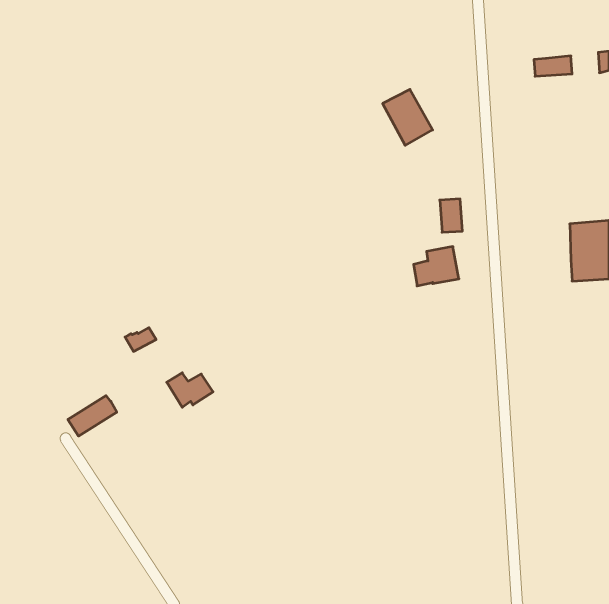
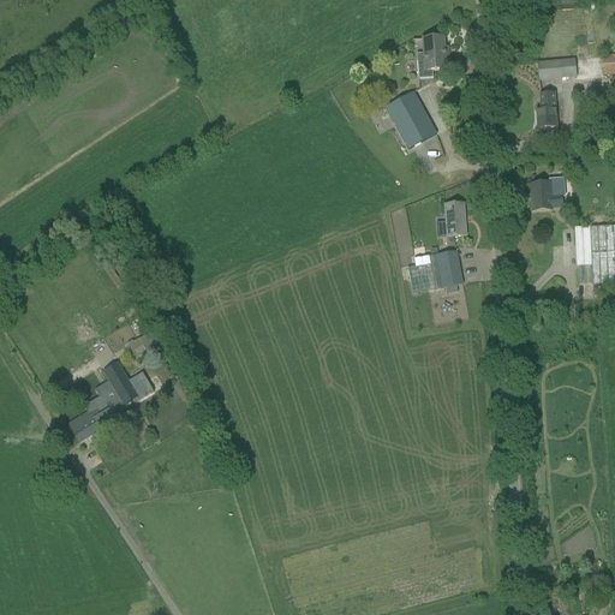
building: none -> [417,35,446,76]
building: none -> [537,91,557,125]
building: none -> [529,180,562,209]
building: [167,373,213,407] -> [108,369,155,404]

